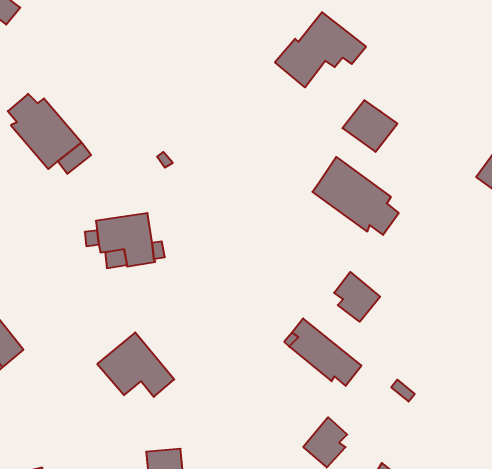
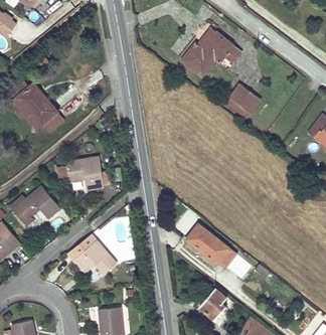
building: [312,157,399,235] -> none
building: none -> [9,185,60,225]
building: [334,272,380,322] -> none

